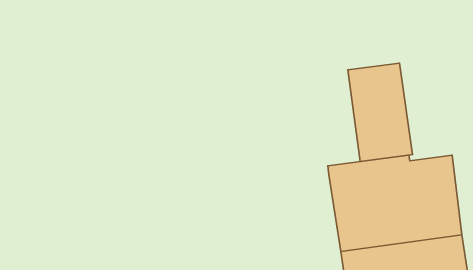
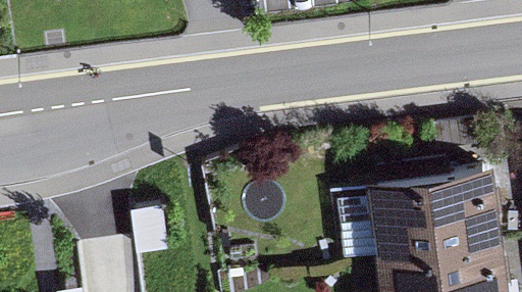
building: [348,63,413,161] -> none

